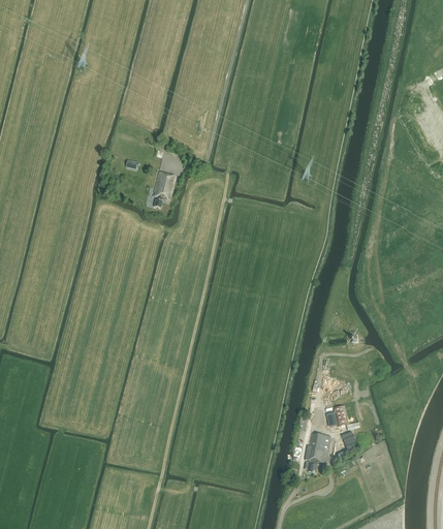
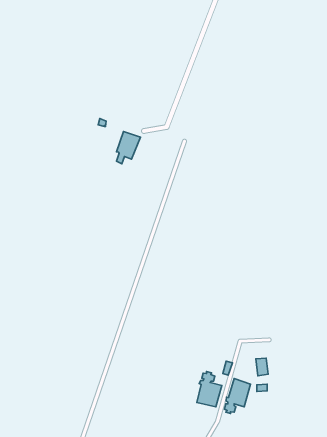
building: none -> [197,372,222,407]

